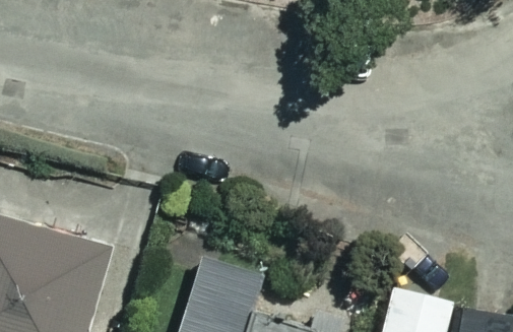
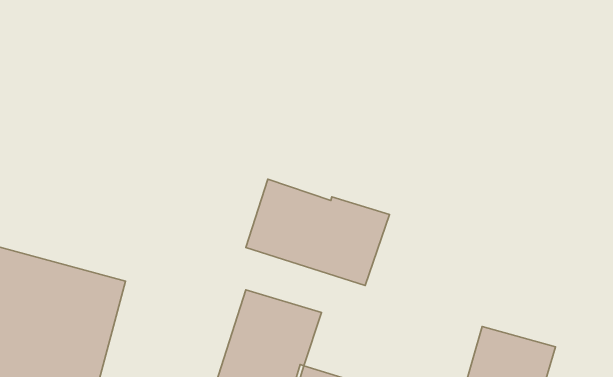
building: none -> [246,179,389,286]

